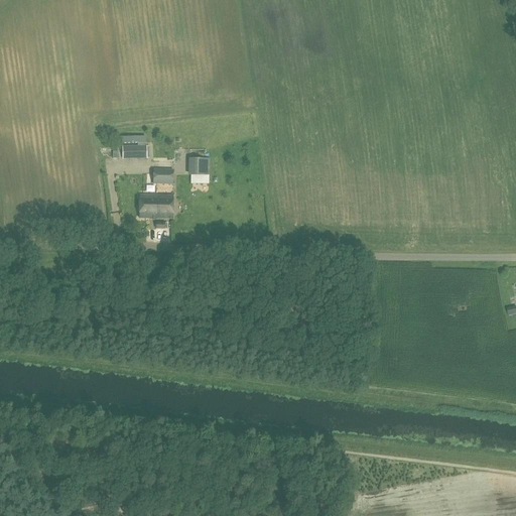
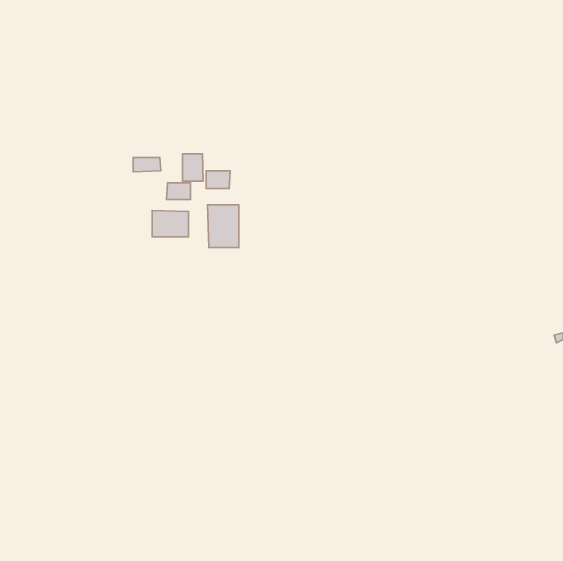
building: none -> [182,154,203,181]
building: none -> [207,205,239,248]

